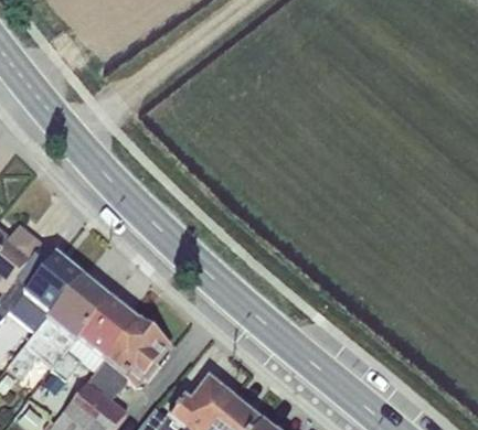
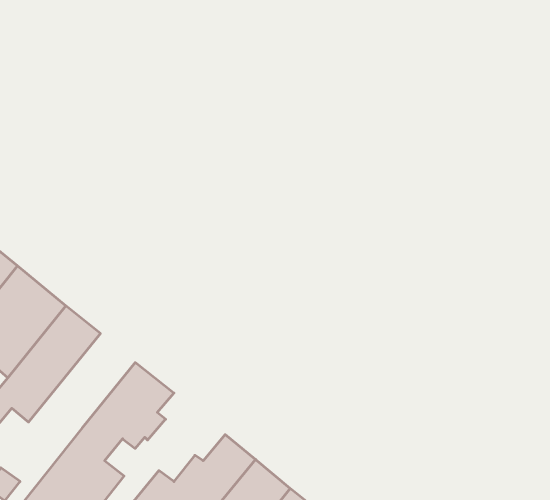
building: [42,295,138,390] -> none

